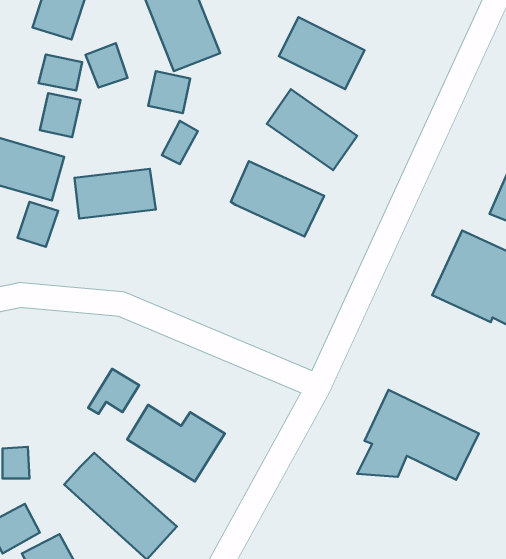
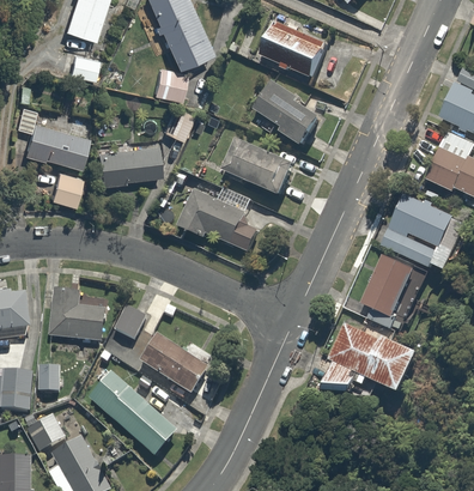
building: [86,43,127,87] -> none
building: [40,93,80,137] -> none
building: none -> [176,184,257,250]
building: none -> [360,257,417,329]
building: none -> [47,285,107,341]

